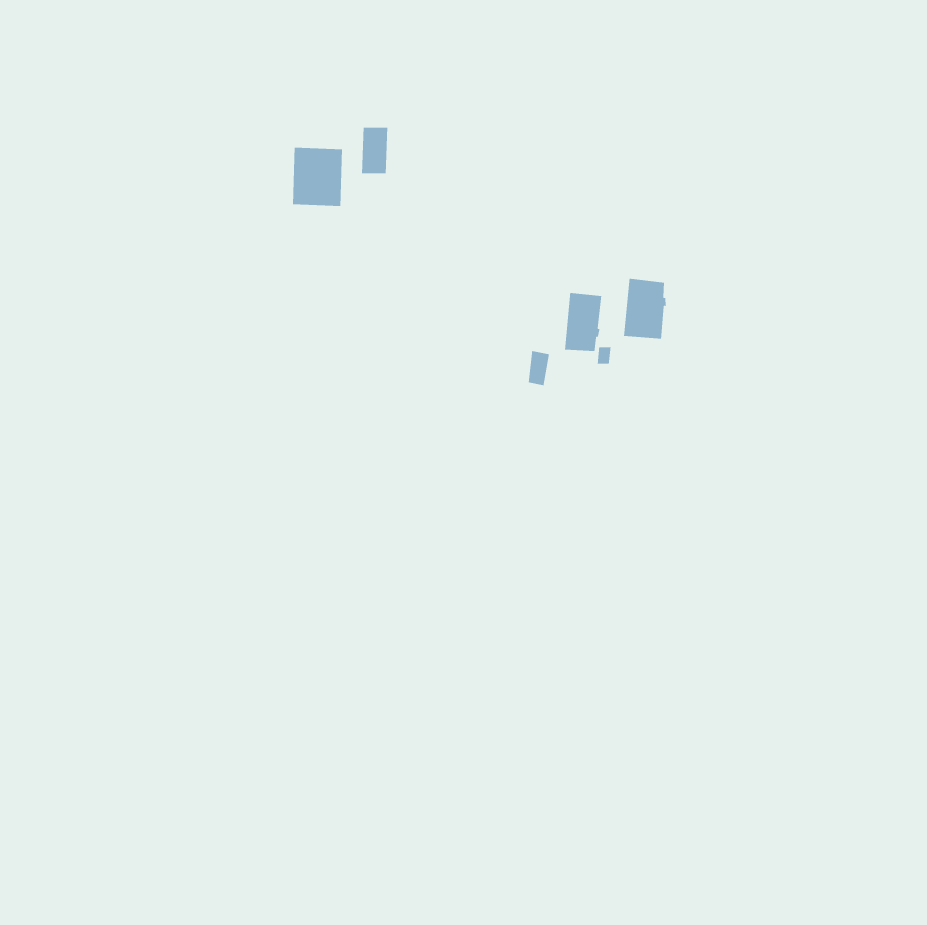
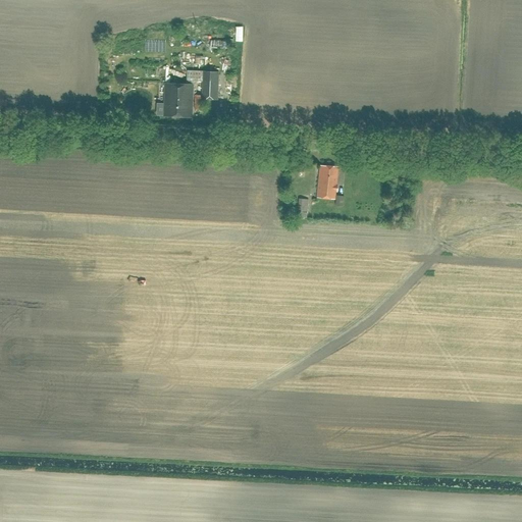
building: [623,278,666,340] -> none

